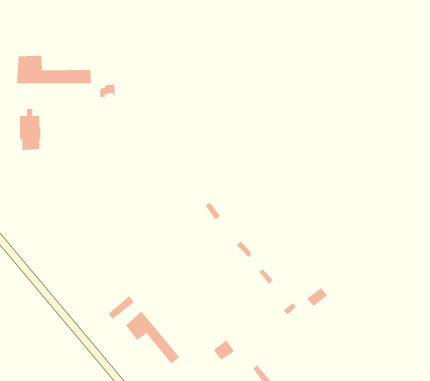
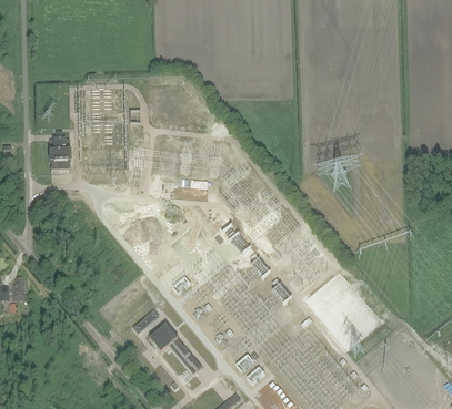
building: [17,55,92,84] -> none

